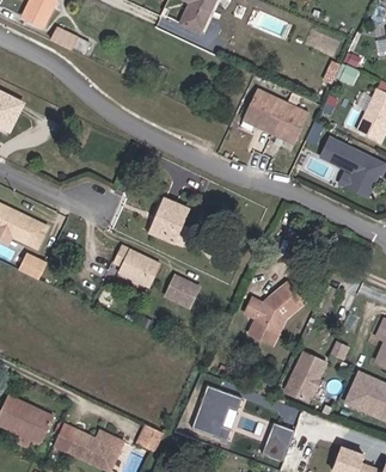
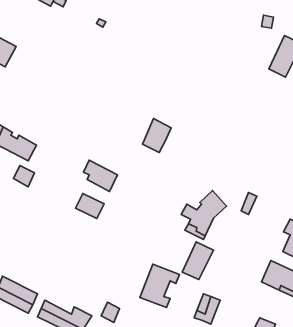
building: [241,91,307,147] -> none
building: [325,145,380,198] -> none
building: [148,200,185,244] -> [142,119,171,153]
building: [159,277,196,309] -> [75,194,104,218]
building: [282,355,323,404] -> [182,242,214,280]

